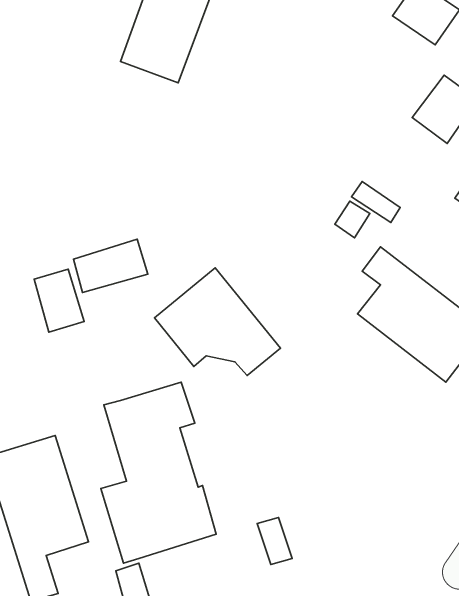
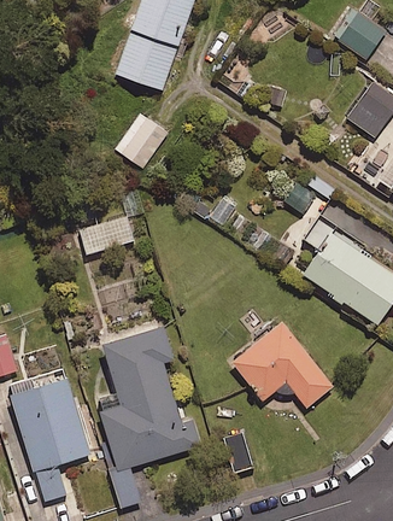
building: none -> [113,112,166,168]
building: [154,268,280,376] -> [231,322,332,408]
building: [34,269,84,332] -> none

